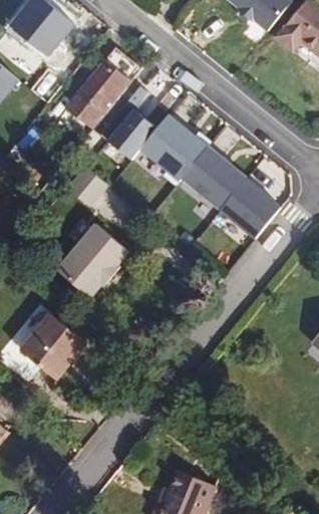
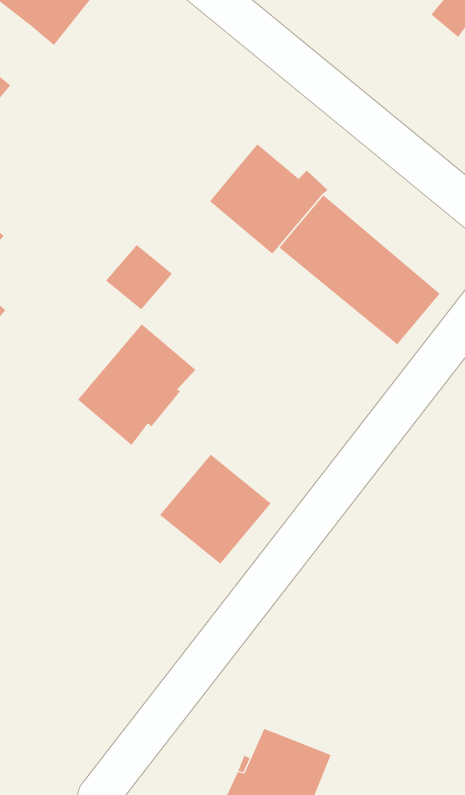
building: [65,50,136,126] -> none
building: [106,107,157,160] -> none
building: [17,311,85,378] -> [159,454,272,565]

